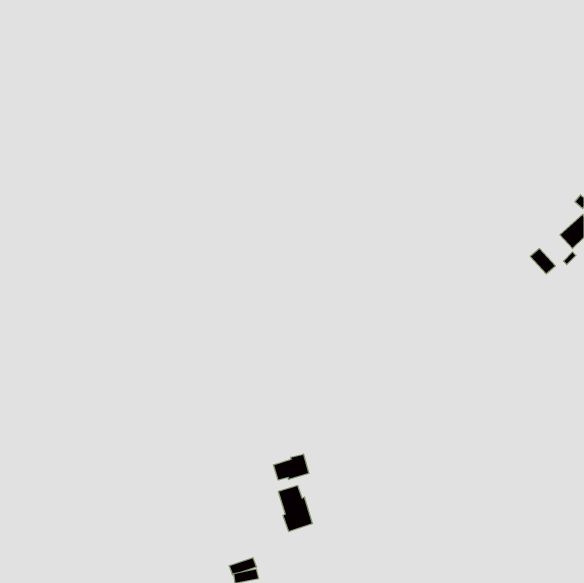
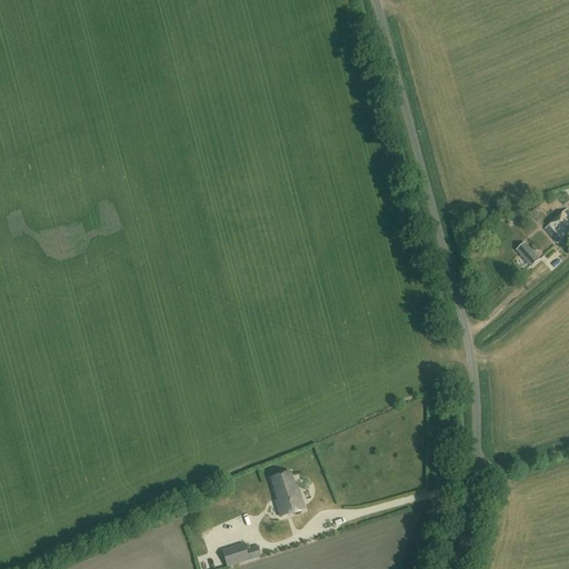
building: [274,454,309,480] -> none

